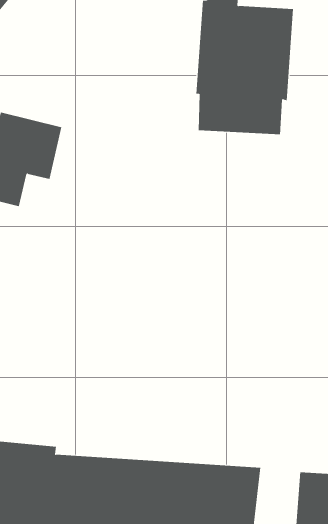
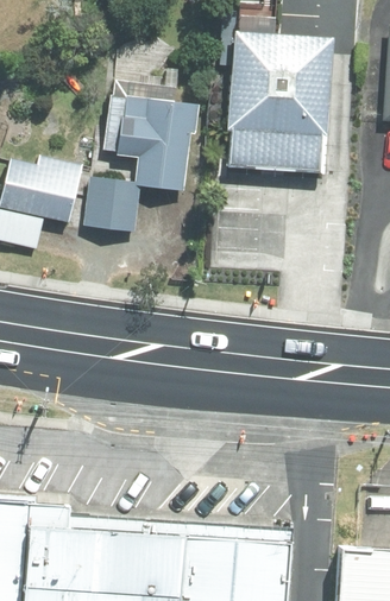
building: none -> [83,68,197,232]

